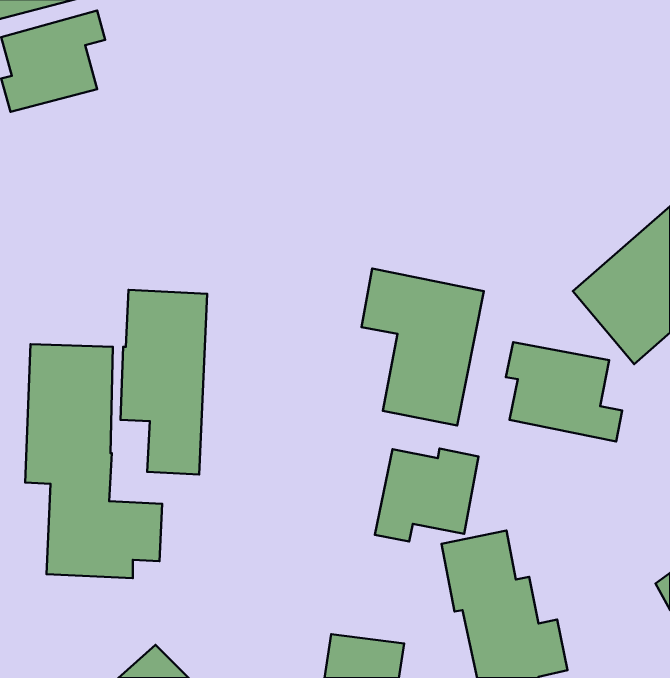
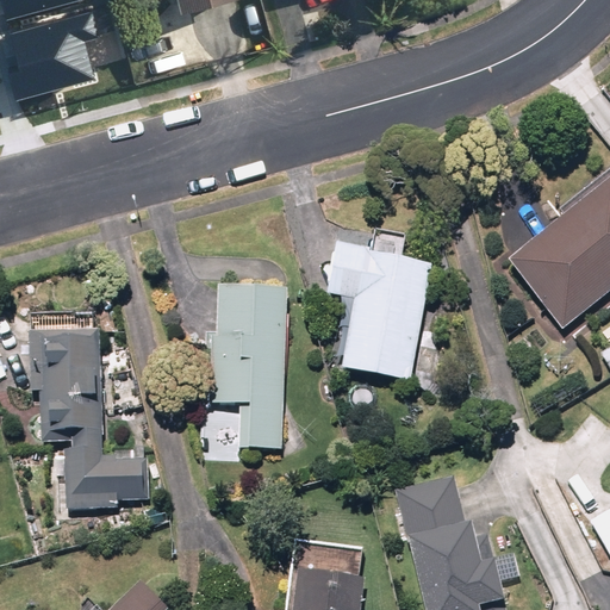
building: [121,290,207,474] -> [212,285,290,450]
building: [506,342,622,441] -> none
building: [375,449,478,542] -> none

